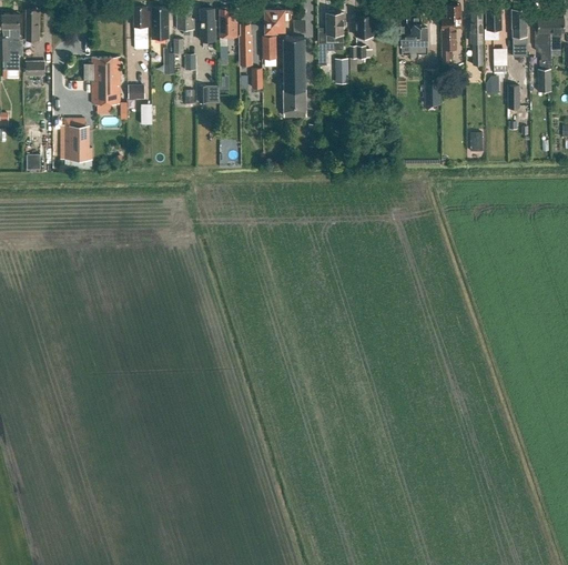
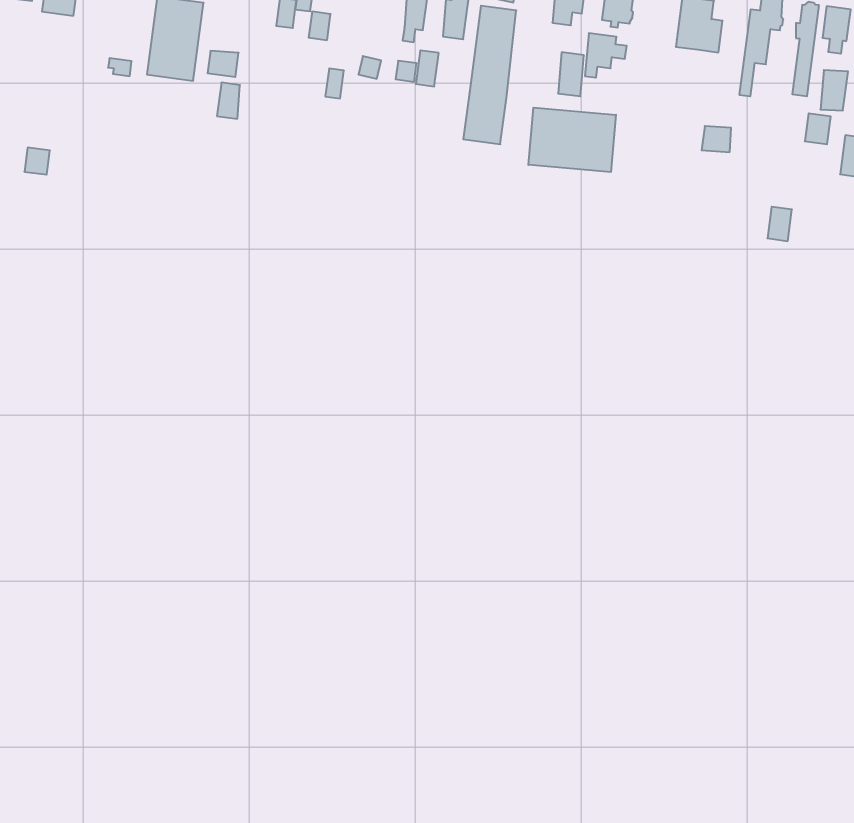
building: none -> [528,108,616,172]
building: [67,120,94,170] -> none

